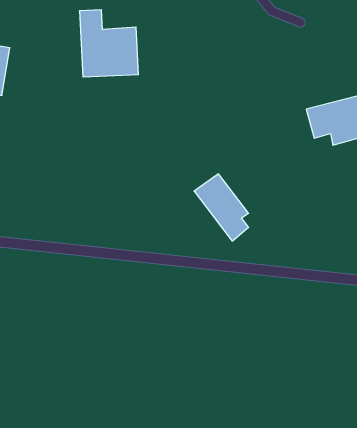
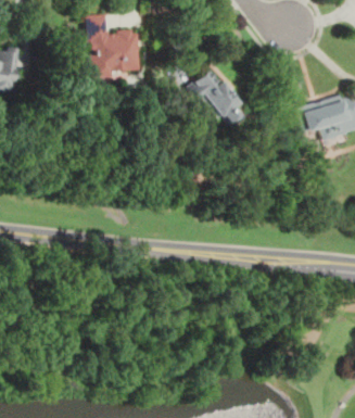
building: [194,174,249,241] -> [190,65,241,128]

